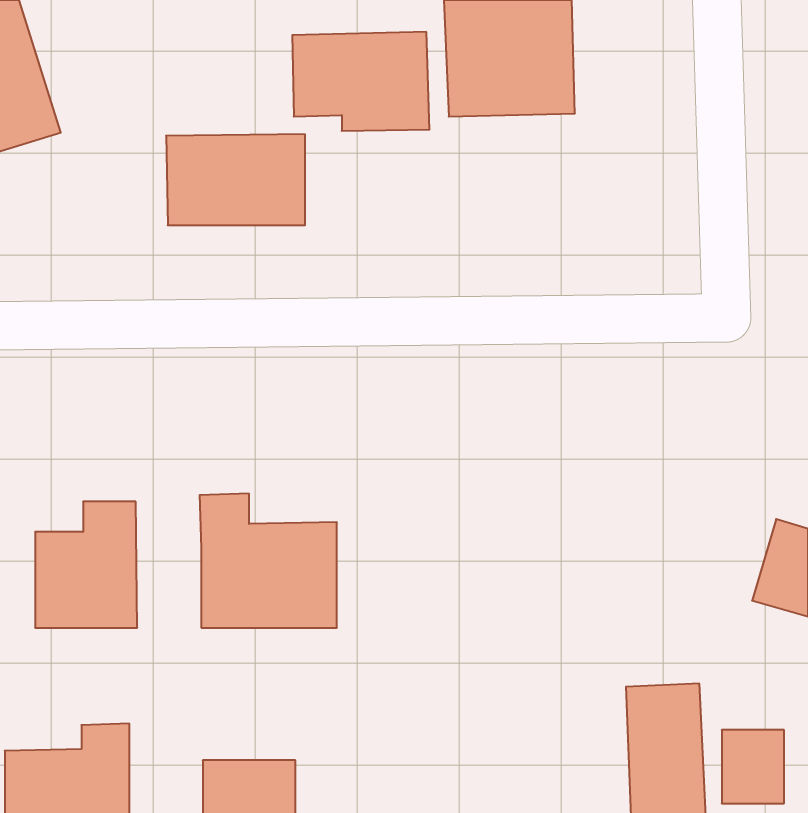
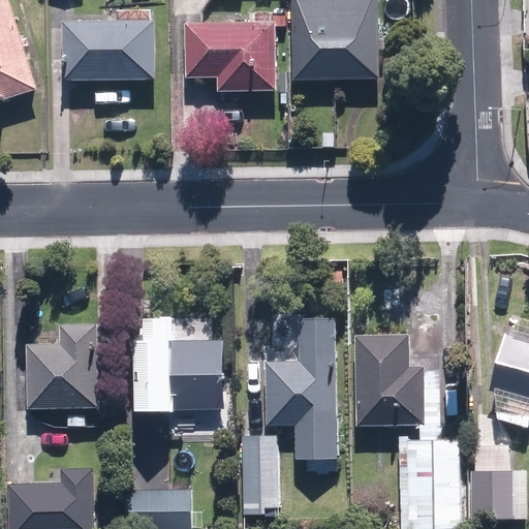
building: [166,134,305,225] -> [66,21,156,80]
building: none -> [268,318,340,458]
building: none -> [360,335,425,423]
building: none -> [242,436,280,515]

